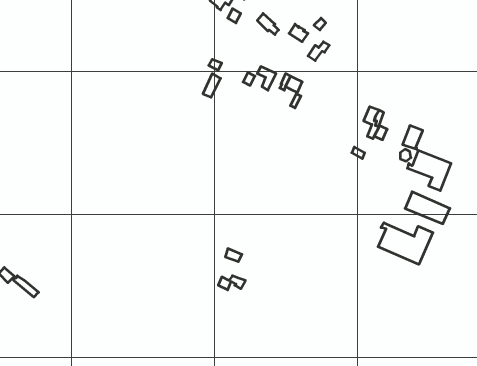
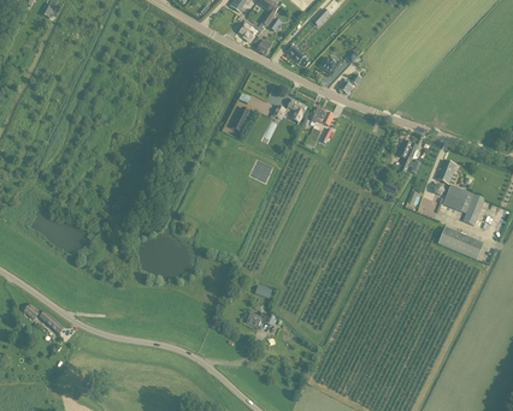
building: [378,223,433,264] -> none

